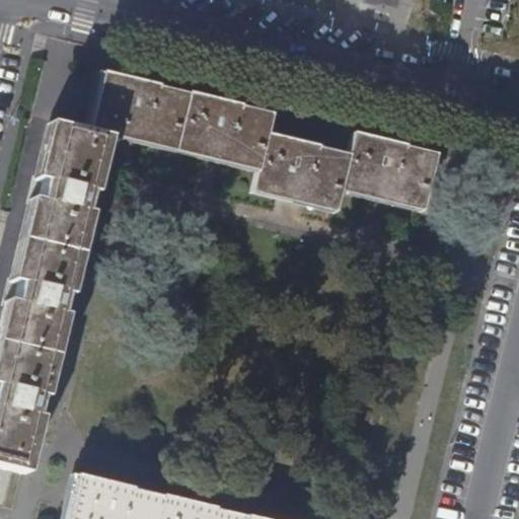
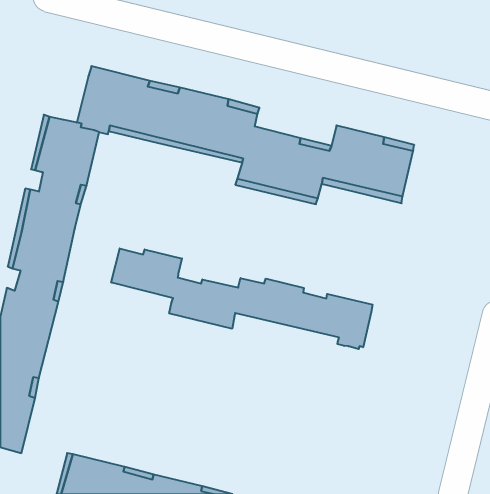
building: none -> [111,248,373,349]

